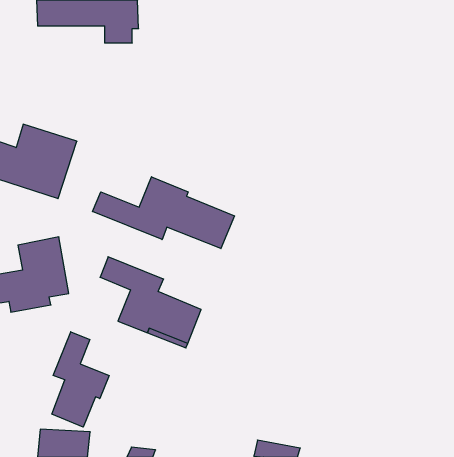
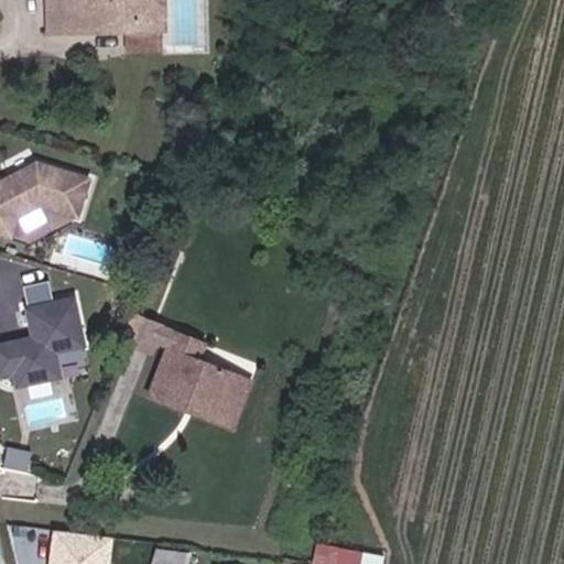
building: [93,177,234,249] -> none
building: [52,332,109,427] -> none

